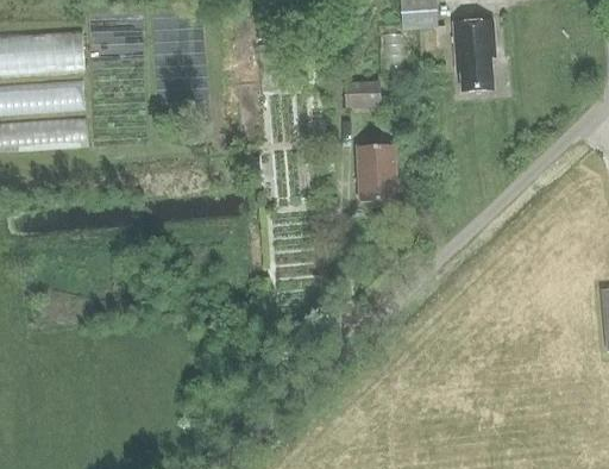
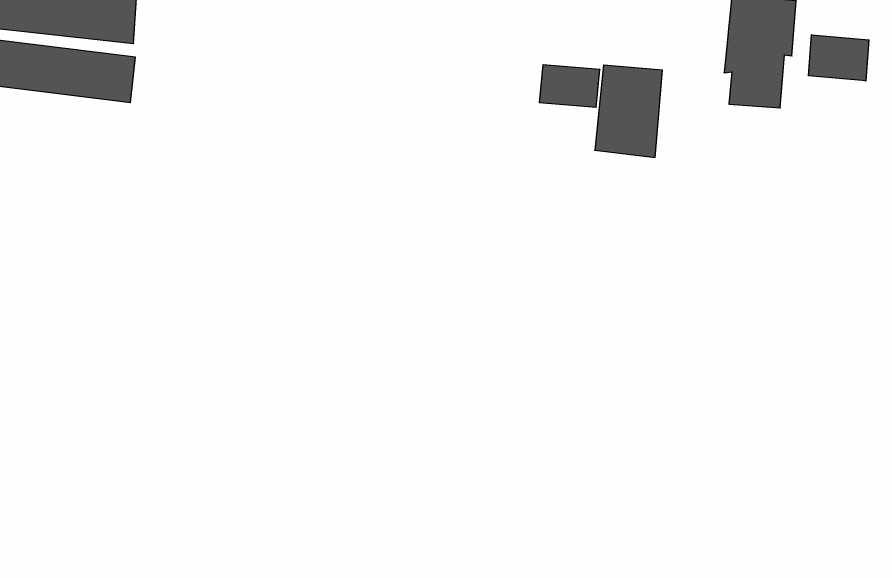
building: none -> [809,35,869,81]
building: [357,144,397,200] -> [595,65,662,157]

